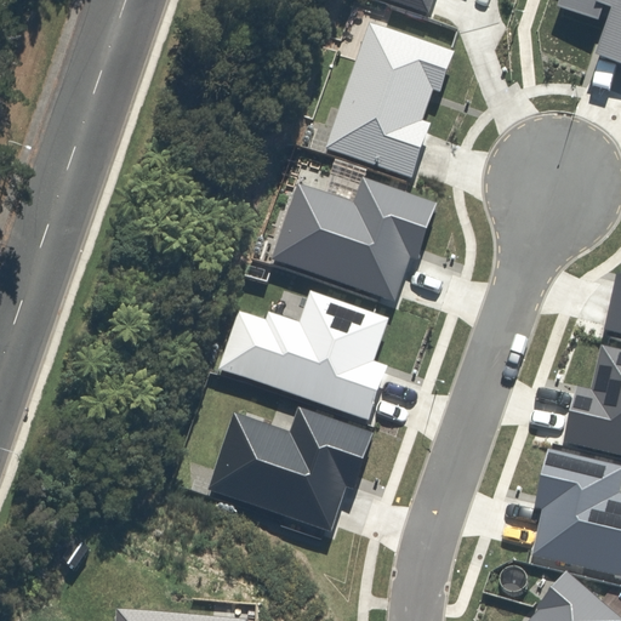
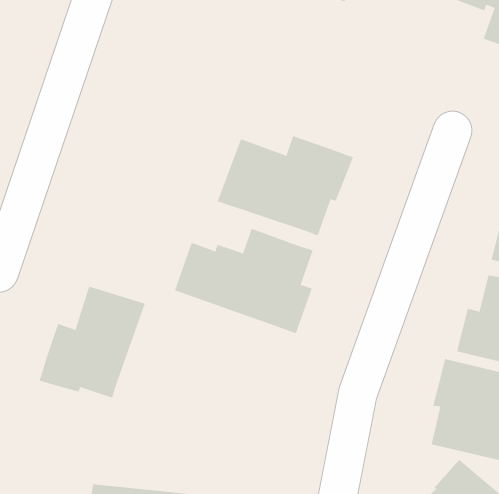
building: [325,21,455,177] -> none
building: none -> [39,286,145,398]
building: [206,406,375,530] -> none

